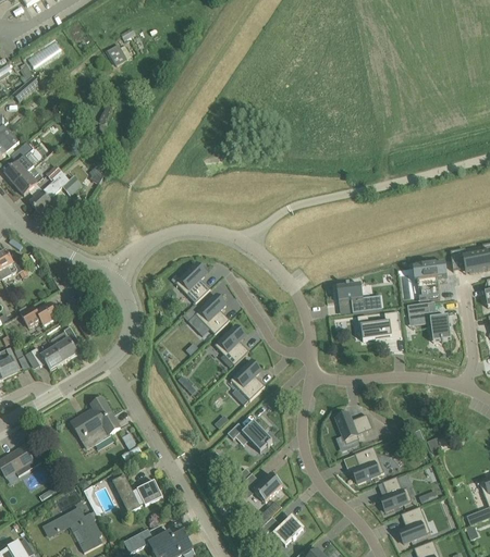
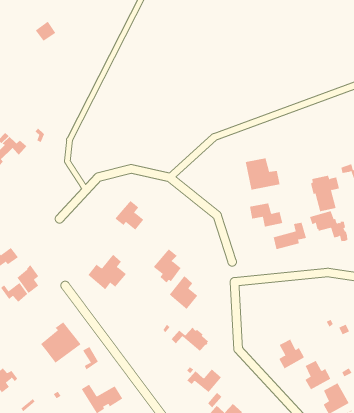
building: none -> [245,157,280,191]
building: [182,294,229,336] -> [87,254,127,290]
building: [334,412,371,445] -> none

